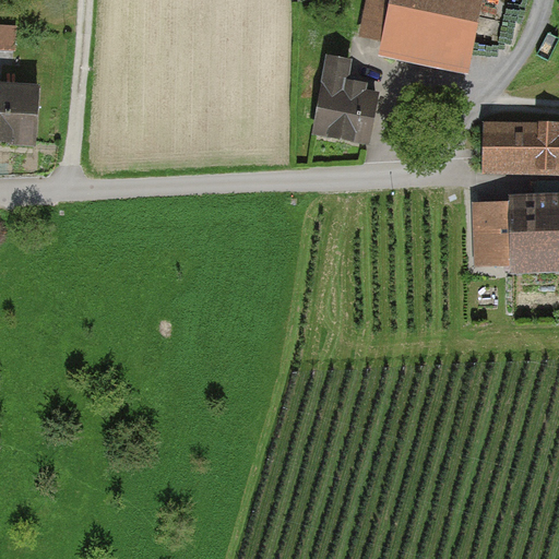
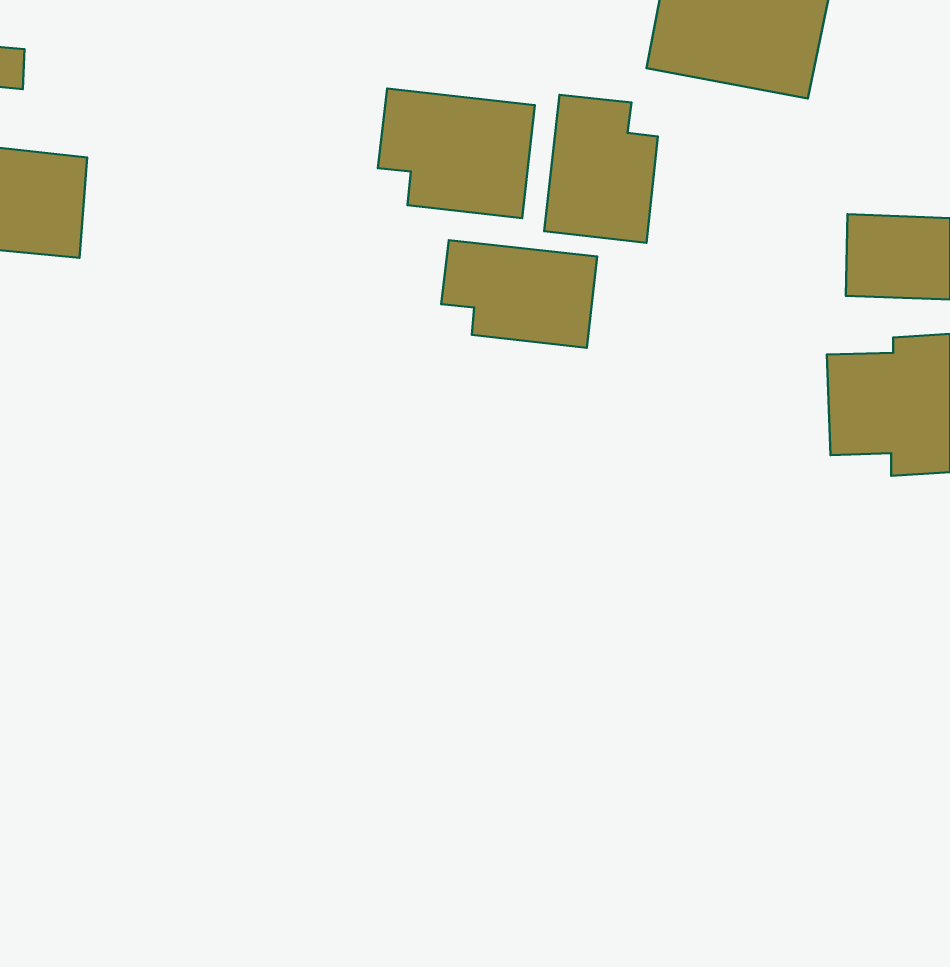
building: none -> [378,89,535,218]
building: none -> [441,240,597,348]

